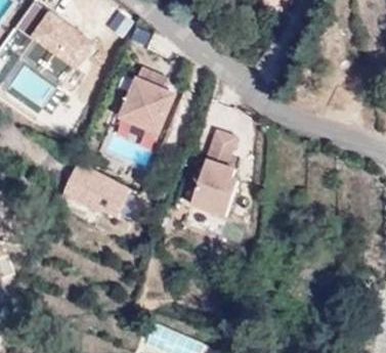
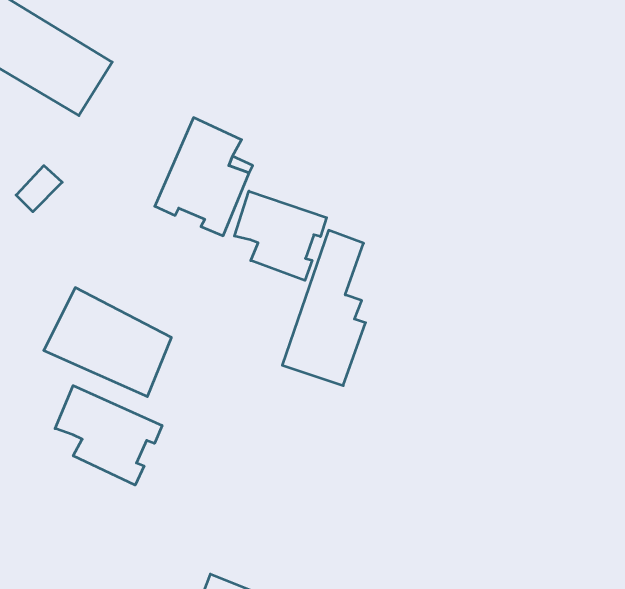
building: none -> [234,191,327,280]
building: none -> [55,386,162,485]

